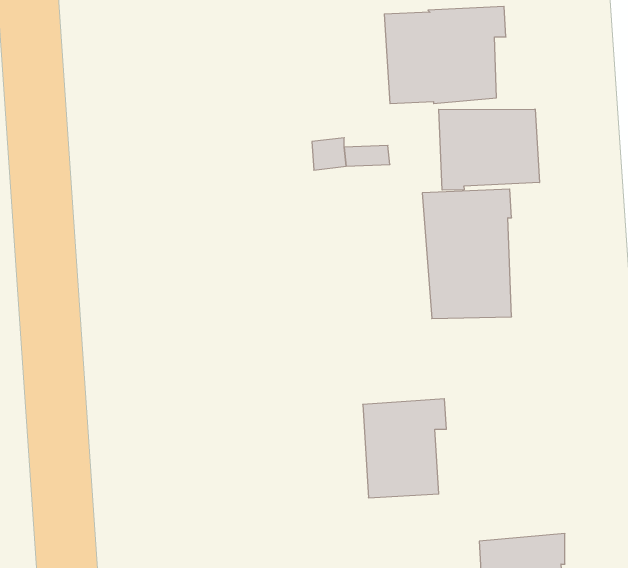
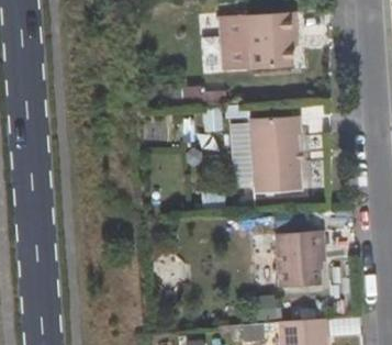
building: [439,109,539,190] -> none
building: [363,399,446,498] -> [276,231,324,288]

